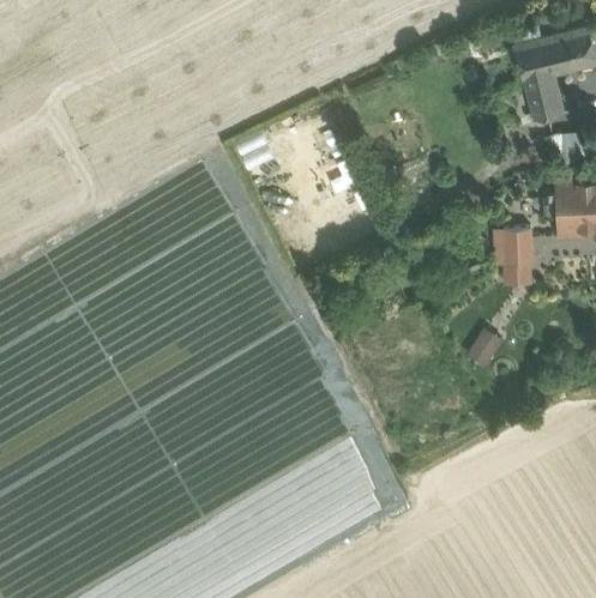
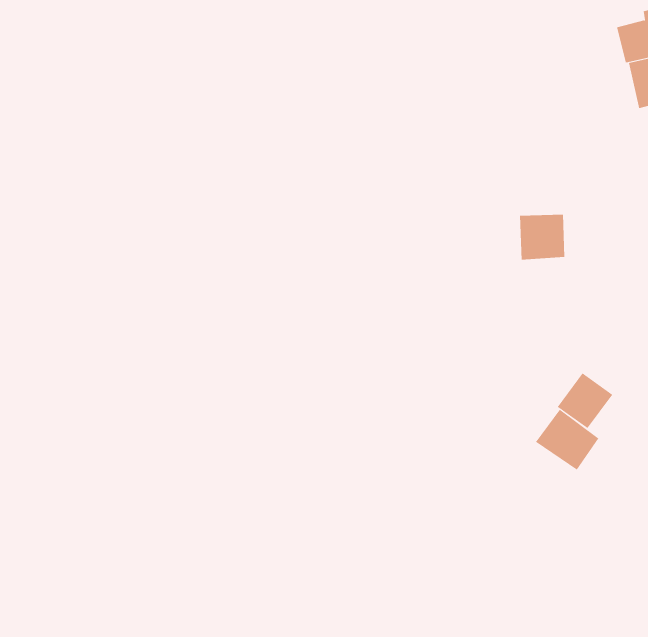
building: [494,230,531,267] -> [519,214,565,260]
building: none -> [535,409,599,471]

